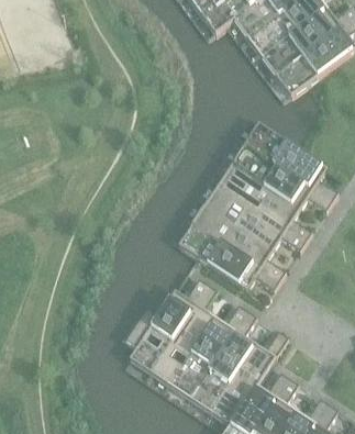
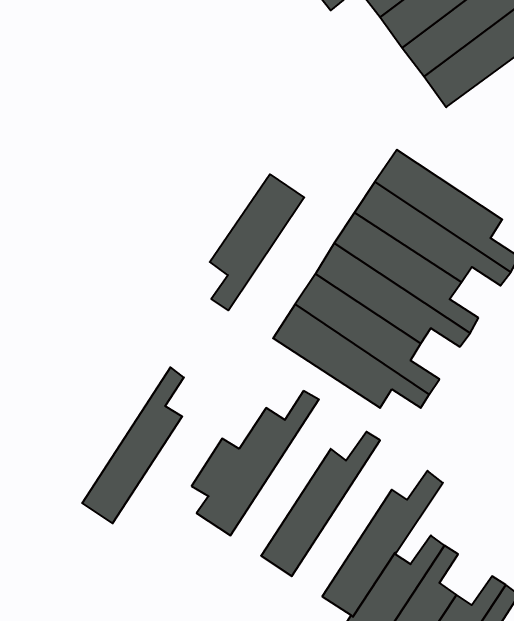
building: none -> [210,174,304,310]
building: [151,285,217,386] -> [82,367,184,523]
building: [190,311,256,412] -> none

